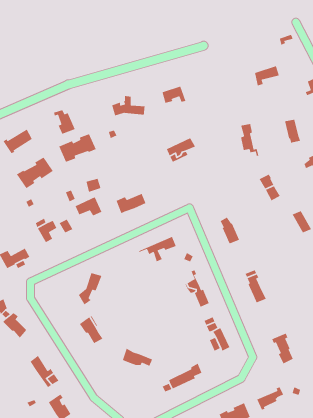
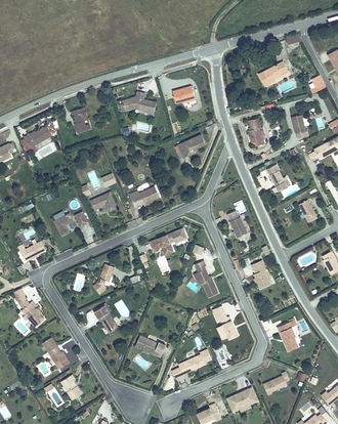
building: [58,133,97,163] -> none
building: [16,156,54,189] -> none

